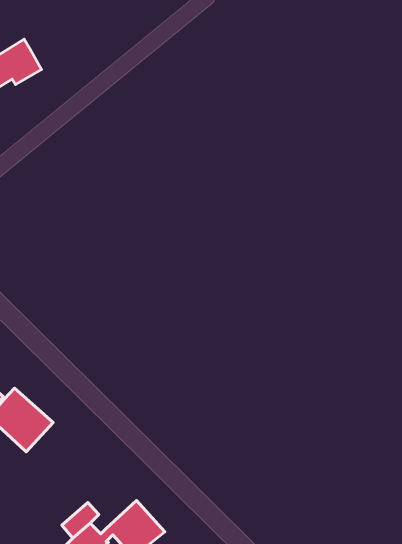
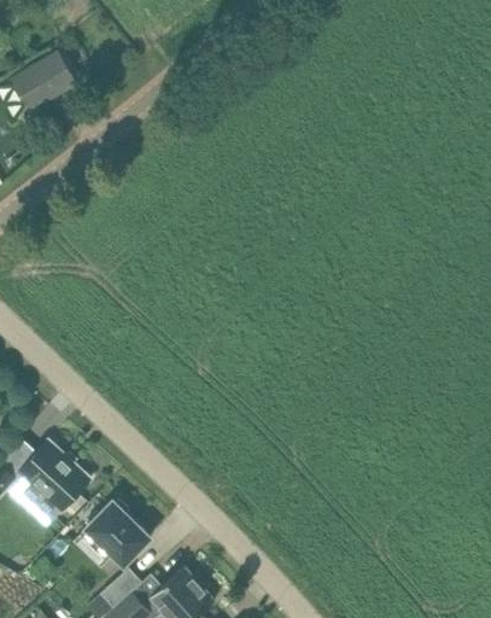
building: none -> [84,500,150,565]

